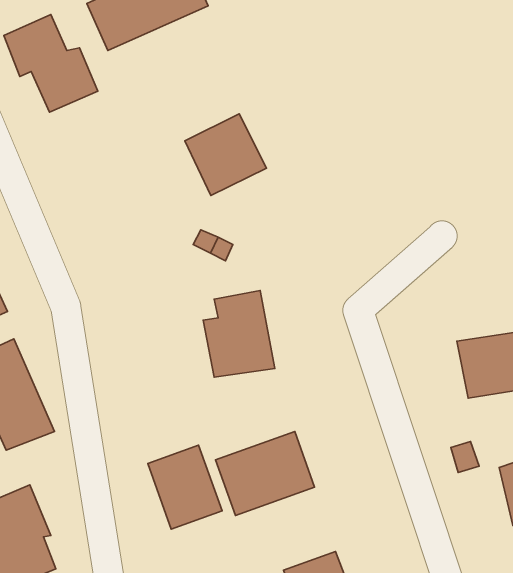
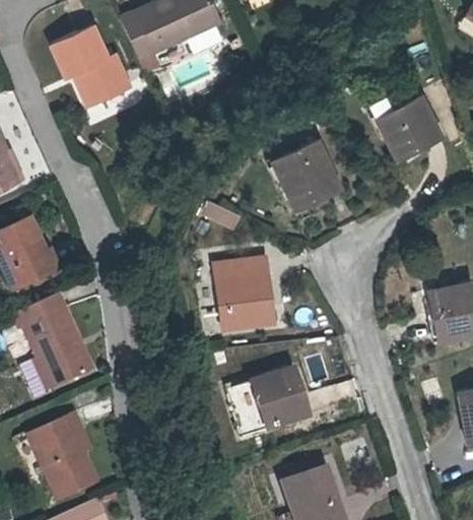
building: none -> [364,95,447,164]
building: [185,114,266,195] -> [273,142,340,209]
building: [148,445,222,529] -> none

